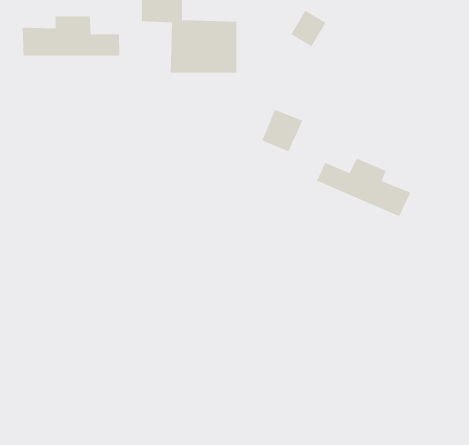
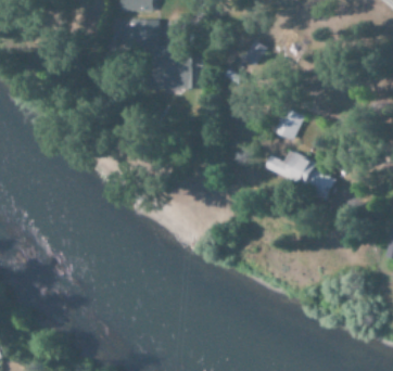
building: [22,16,120,57] -> none
building: [261,109,303,152] -> [272,107,304,140]

